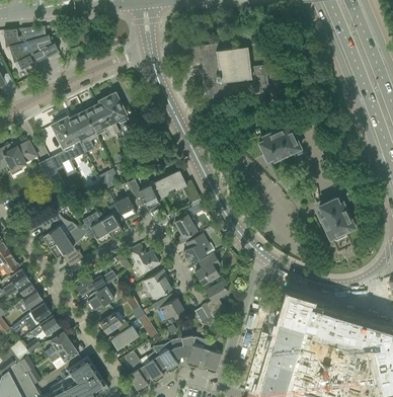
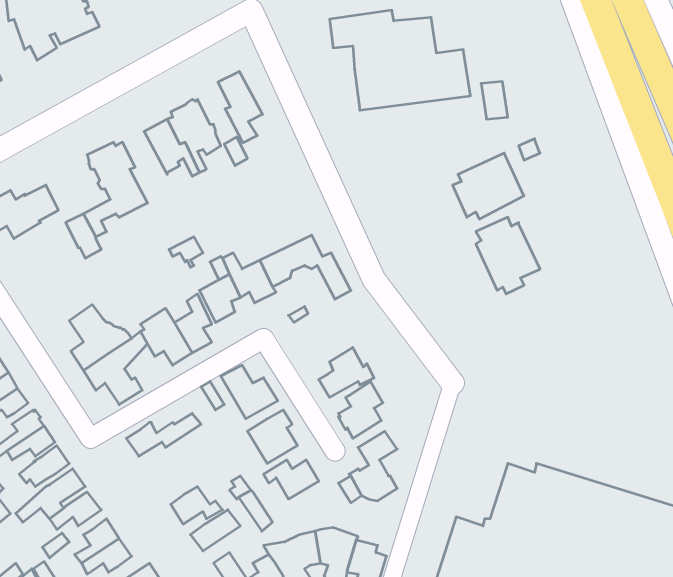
building: [72,111,97,152] -> [218,71,263,143]
building: [318,197,355,241] -> [476,217,540,294]
building: [174,213,199,245] -> none
building: [86,286,114,311] -> none

